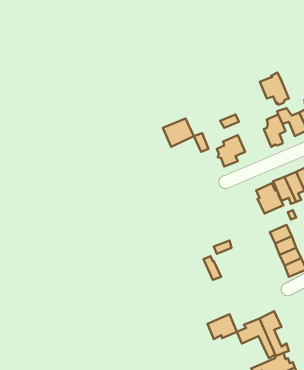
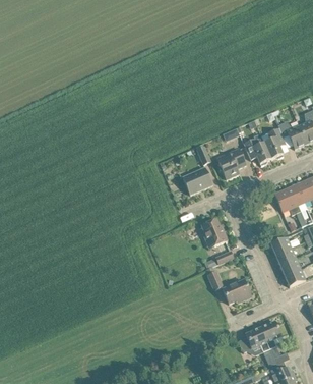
building: [260,73,289,105] -> [243,133,271,165]
building: [163,119,194,147] -> [182,167,212,195]
building: [256,183,283,213] -> [201,218,228,248]
building: [208,314,237,339] -> [223,279,251,304]

